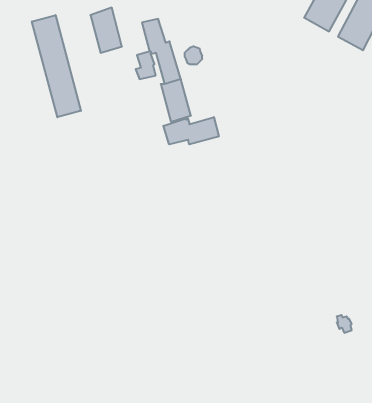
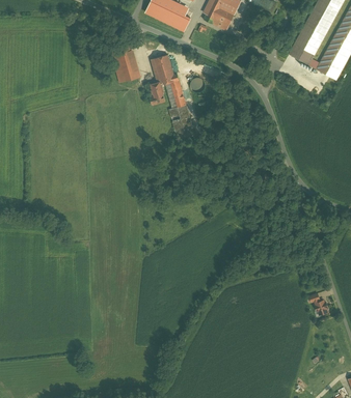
building: [32,15,81,117] -> none
building: [163,117,219,144] -> none

